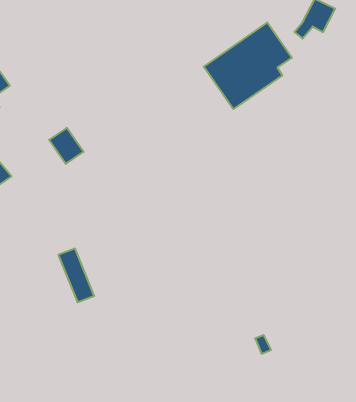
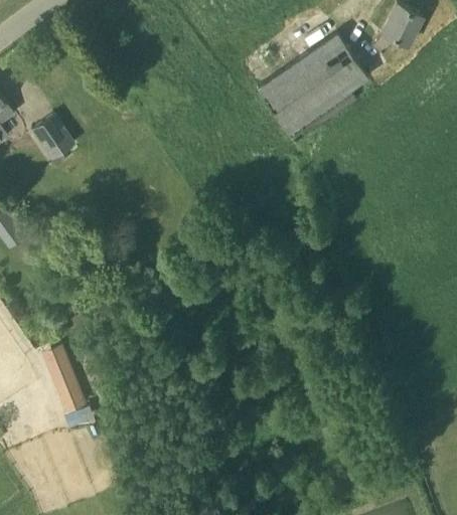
building: [49,128,84,164] -> [32,116,75,161]
building: [58,249,94,302] -> [41,345,87,412]

